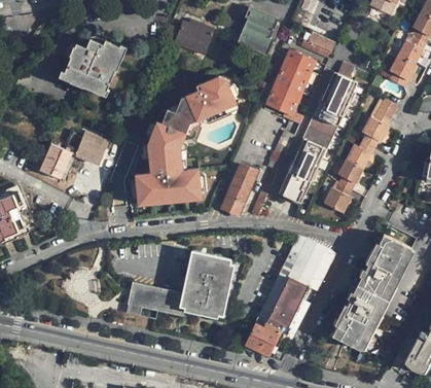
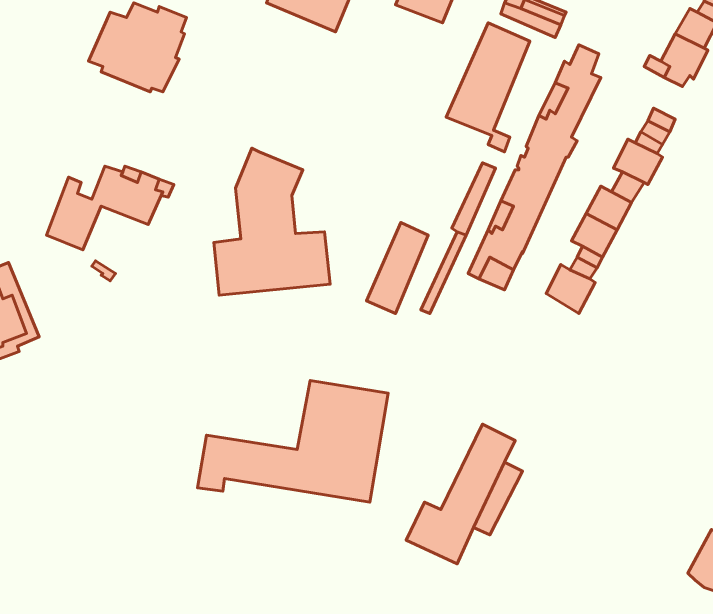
building: [161,74,241,134] -> none
building: [332,235,412,350] -> none
building: [255,237,336,326] -> none

